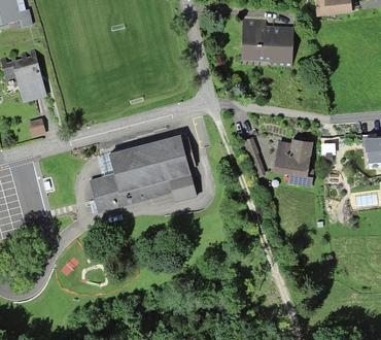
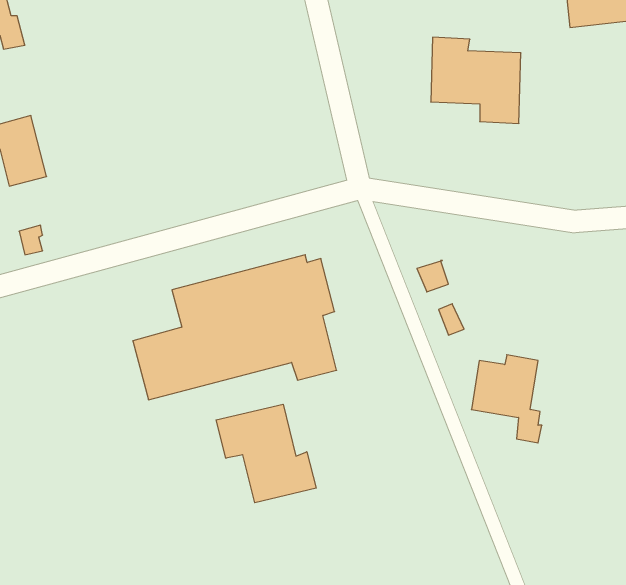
building: [275,140,312,186] -> [471,355,542,443]
building: none -> [216,404,316,503]

